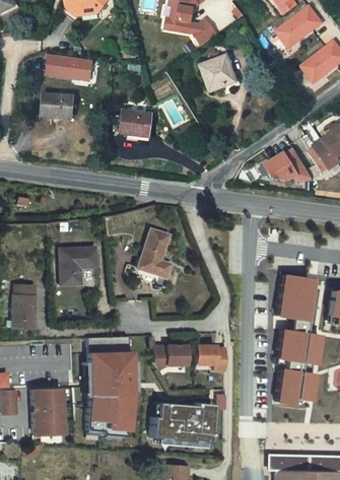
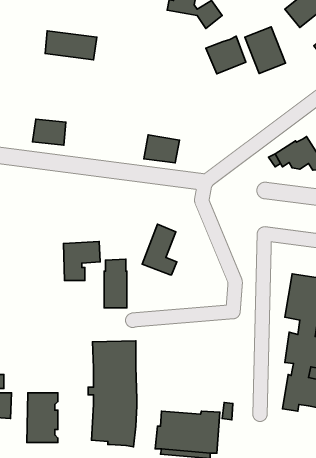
building: none -> [245,27,286,73]
building: [45,90,76,115] -> [32,119,66,145]
building: [122,108,155,134] -> [144,135,180,163]
building: [18,285,40,331] -> [104,259,127,308]
building: [158,349,190,373] -> none
building: [199,349,230,375] -> none

